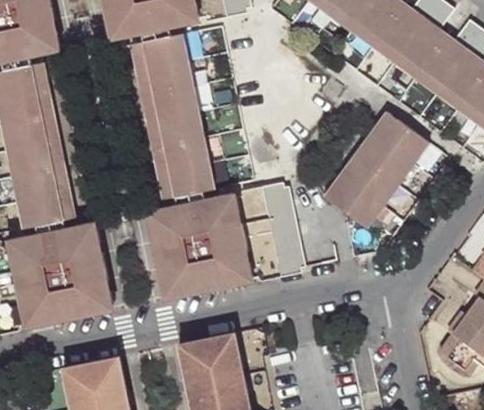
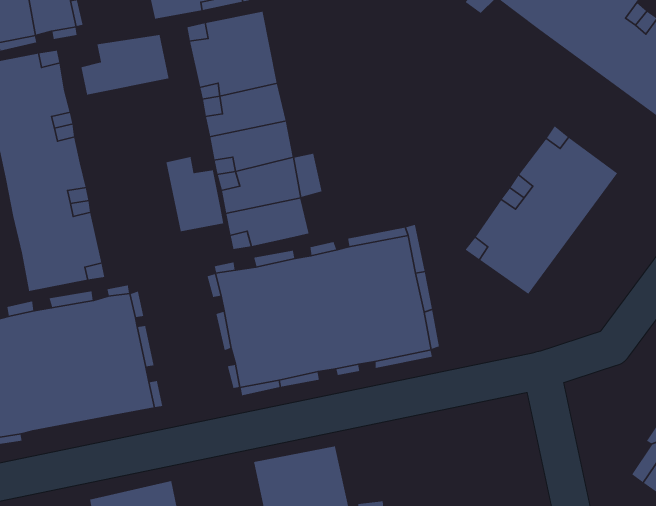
building: none -> [80,34,169,96]
building: none -> [165,156,224,232]

